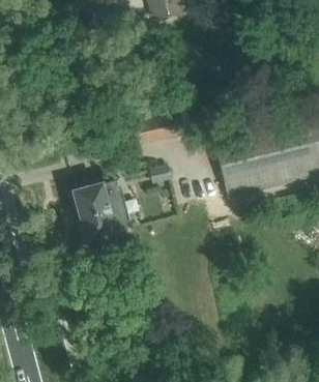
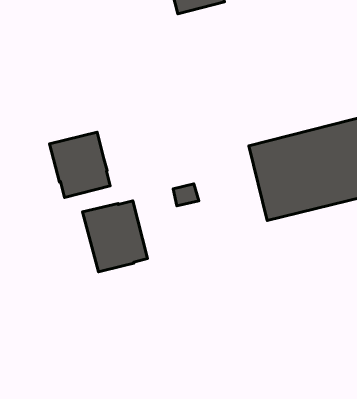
building: none -> [49,132,110,197]

